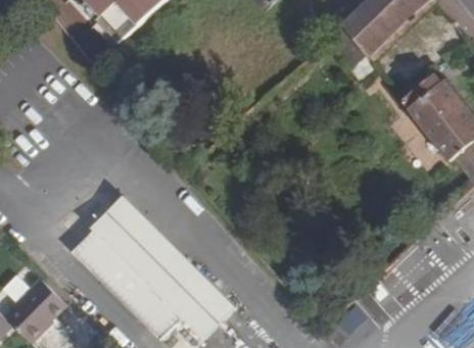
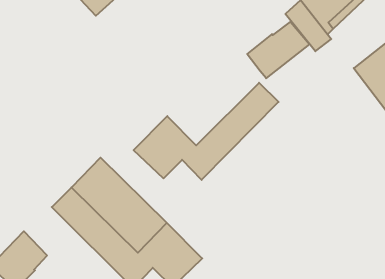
building: none -> [247,22,310,78]
building: none -> [134,83,279,180]

